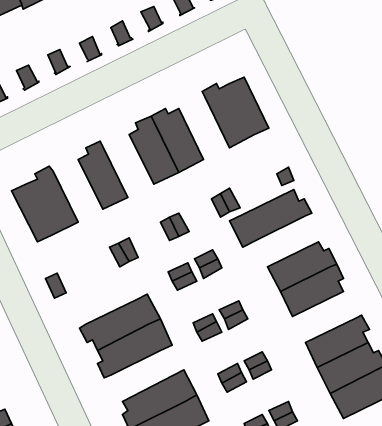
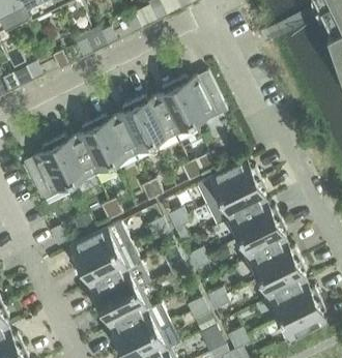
building: none -> [154,82,195,136]
building: none -> [92,115,135,166]
building: none -> [52,135,94,185]
building: none -> [205,178,265,225]
building: none -> [70,221,130,269]
building: none -> [245,240,300,280]
building: none -> [95,287,150,327]

